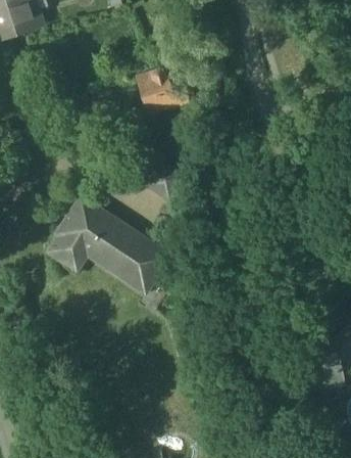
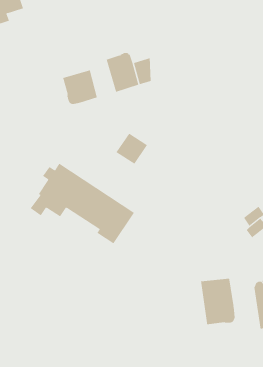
building: none -> [62,69,97,105]
building: none -> [200,278,235,325]

